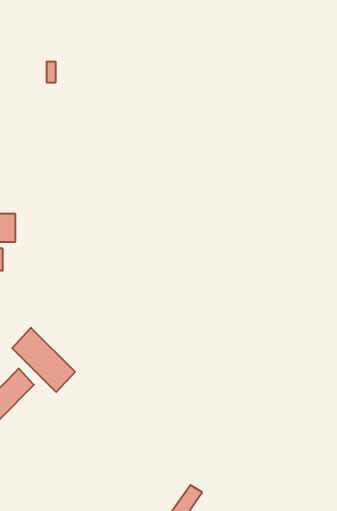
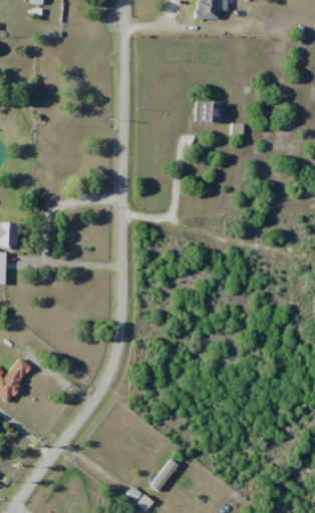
building: none -> [196,101,218,122]
building: [12,328,75,392] -> none

